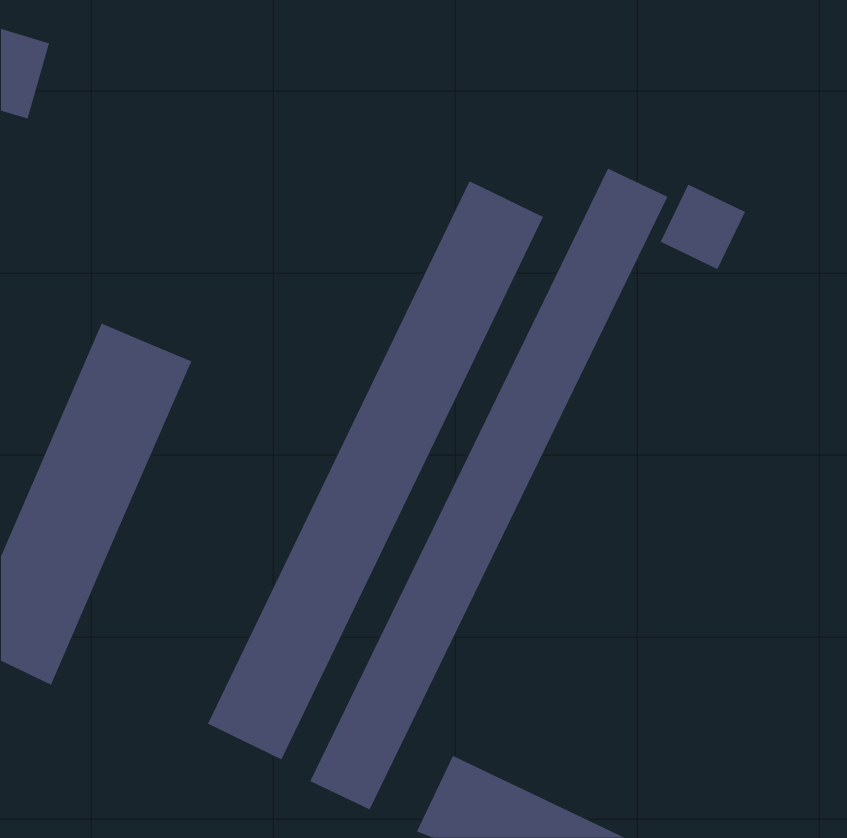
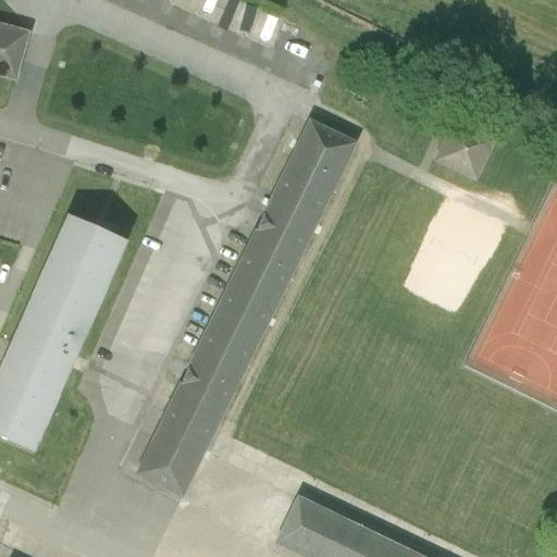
building: [310,168,668,810] -> none

